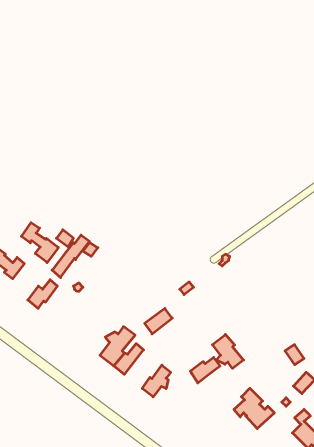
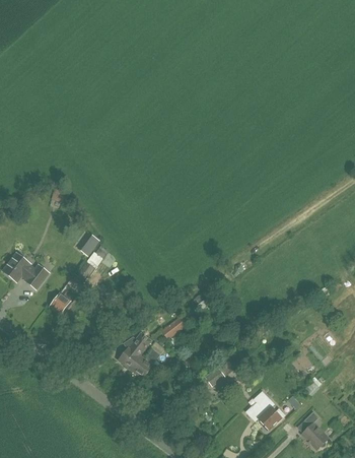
building: [21,223,58,263] -> none
building: [212,334,244,368] -> none
building: [142,365,171,397] -> none

